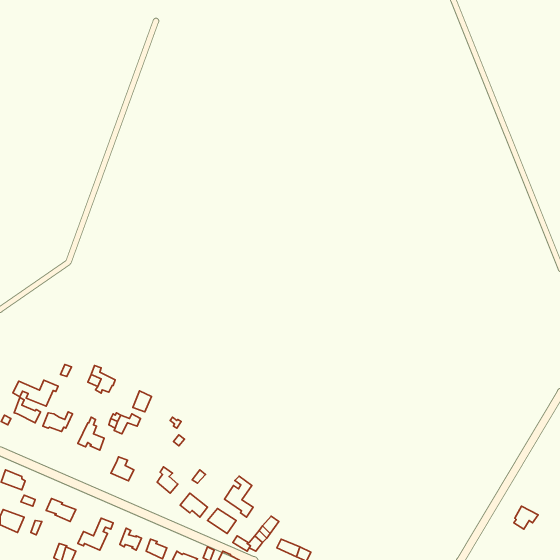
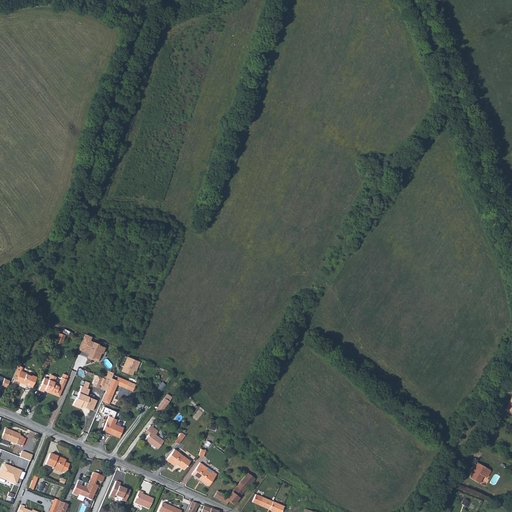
building: [13,380,58,406] -> none
building: [225,476,253,517] -> none

